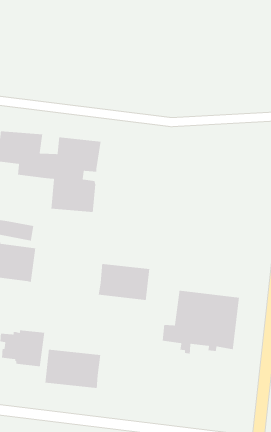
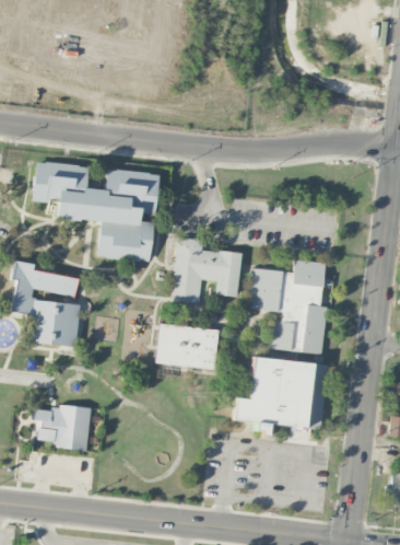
building: none -> [172,235,242,302]
building: none -> [247,259,327,355]
building: [45,349,101,389] -> none

